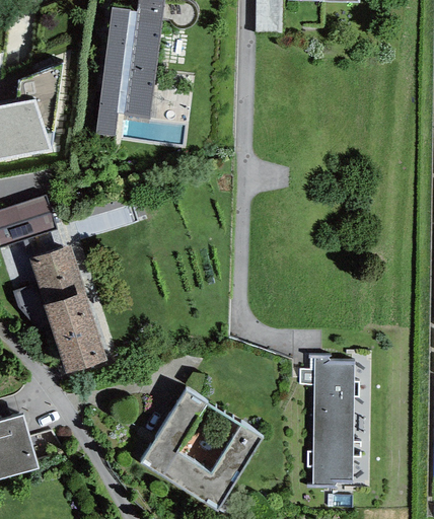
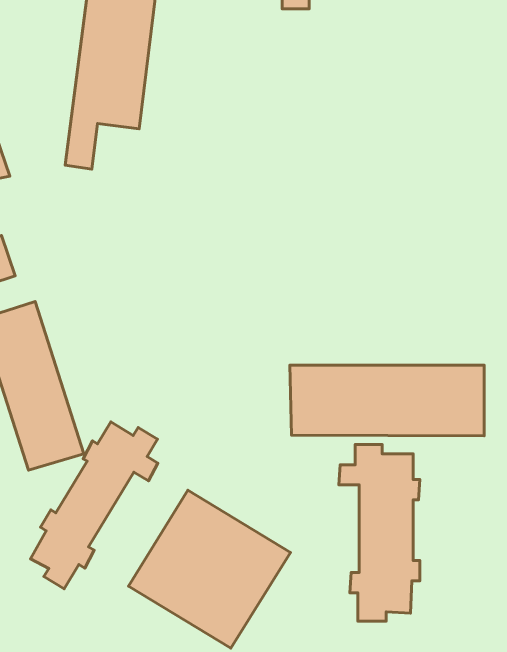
building: none -> [290,365,484,436]
building: none -> [30,422,158,589]

